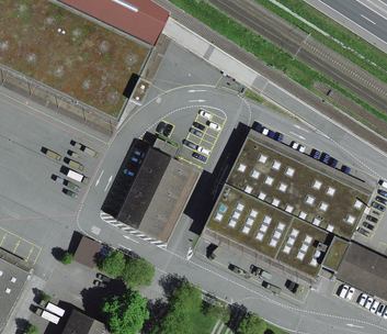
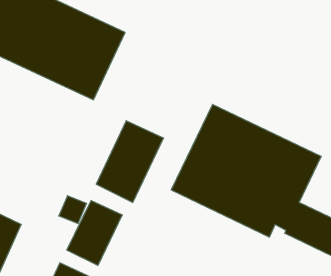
building: none -> [67,201,122,265]

